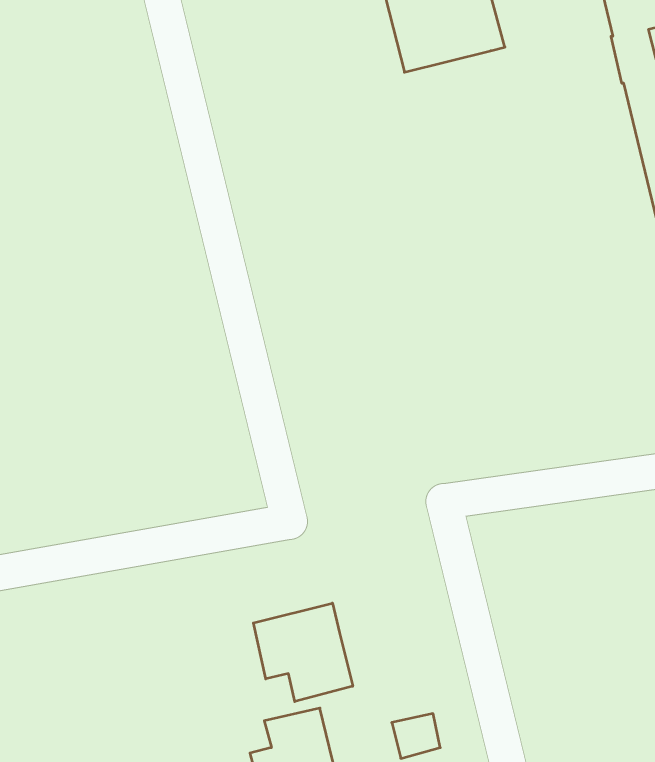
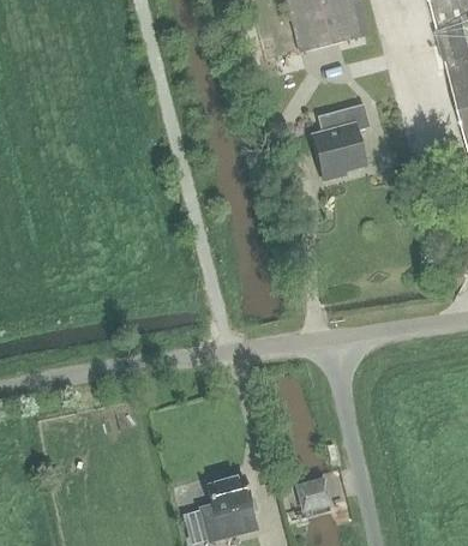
building: none -> [311,100,371,178]
building: [253,603,353,702] -> none

